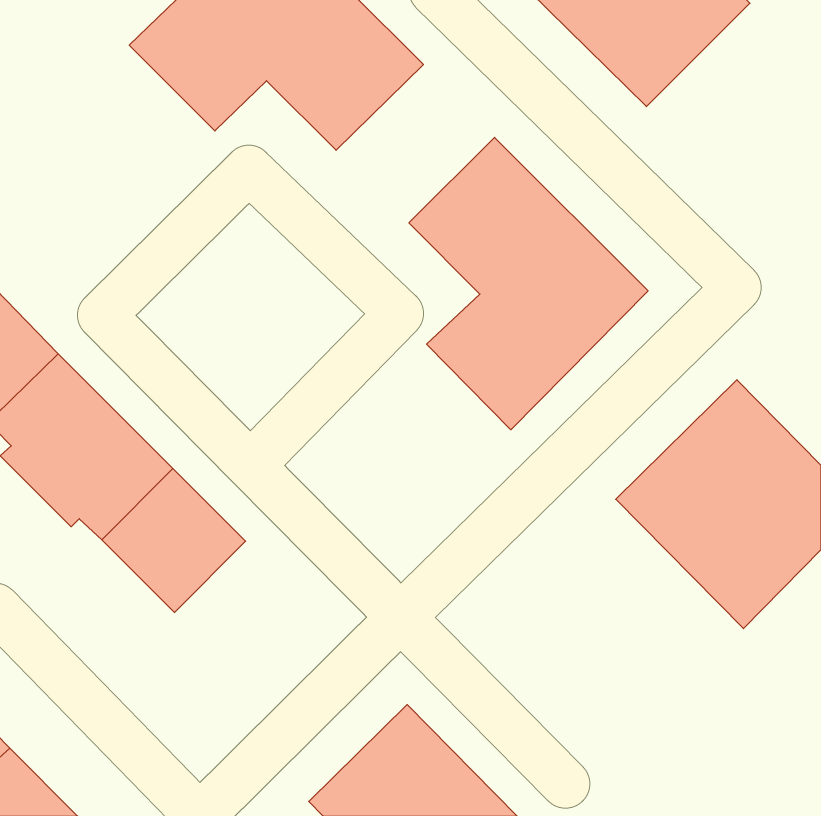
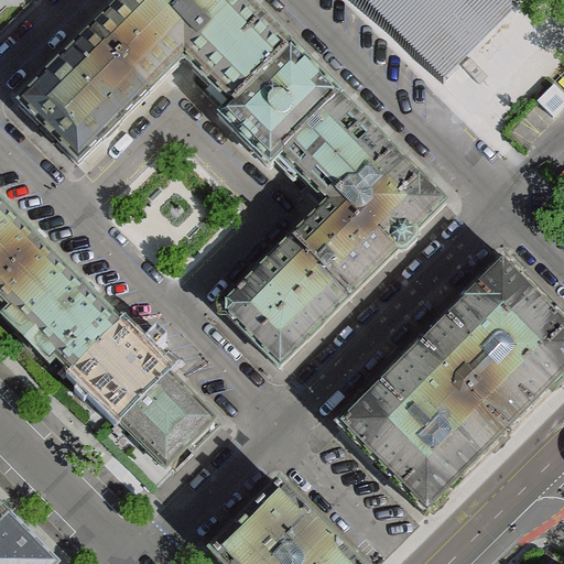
building: none -> [19,31,147,159]
building: none -> [219,44,337,163]
building: none -> [220,235,348,362]
building: none -> [337,340,507,510]
building: none -> [119,369,213,463]

